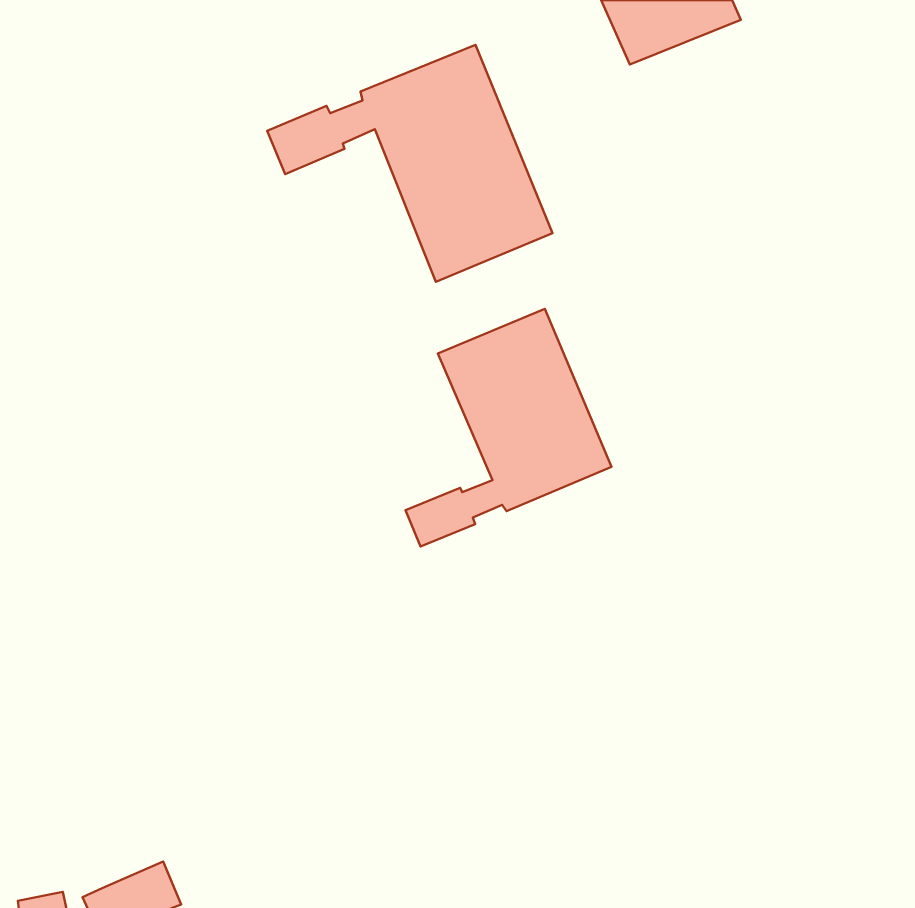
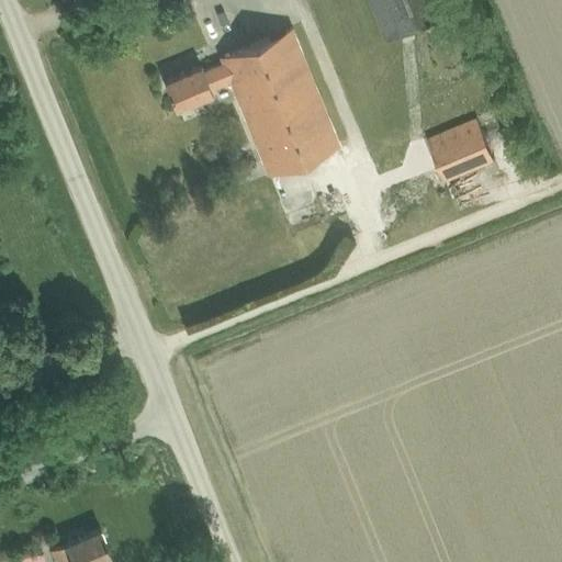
building: none -> [427,122,495,186]
building: [405,309,611,546] -> none

